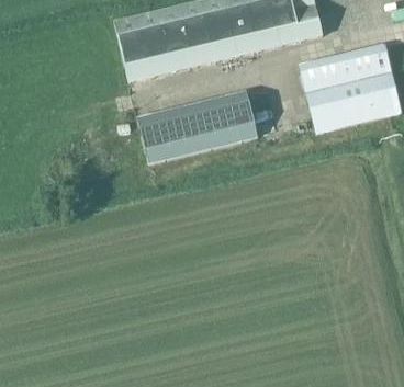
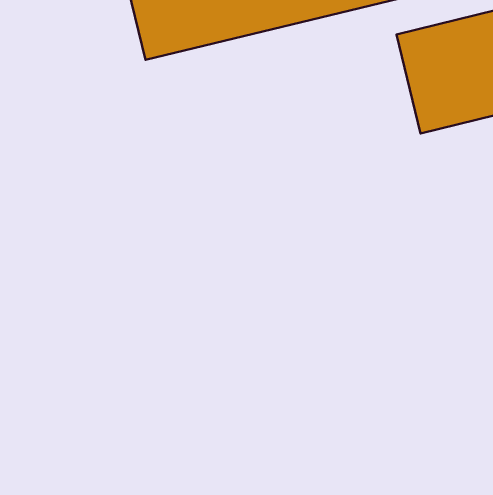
building: [138,90,258,162] -> none

